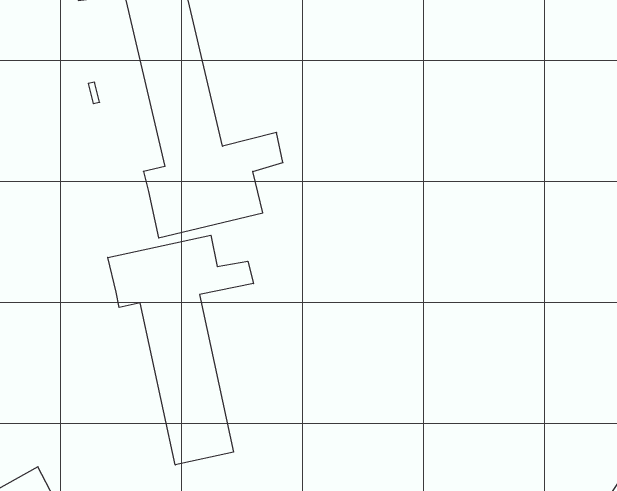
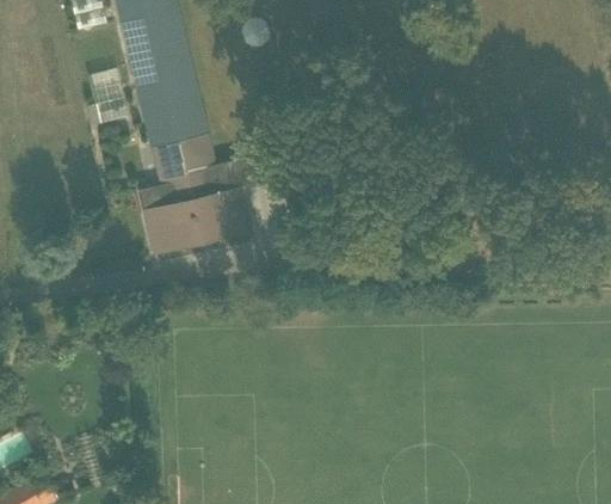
building: [108,235,253,465] -> none

